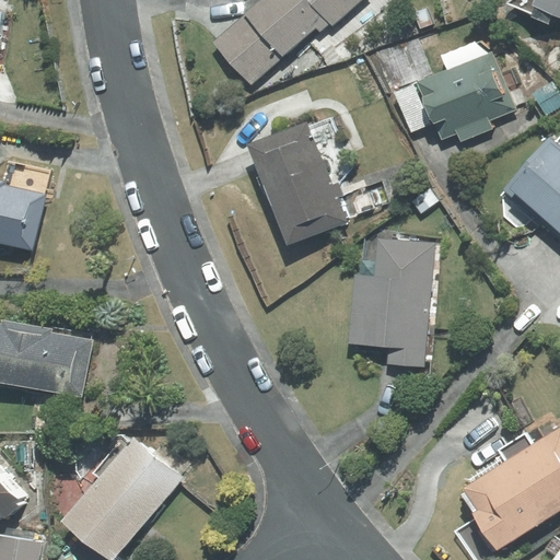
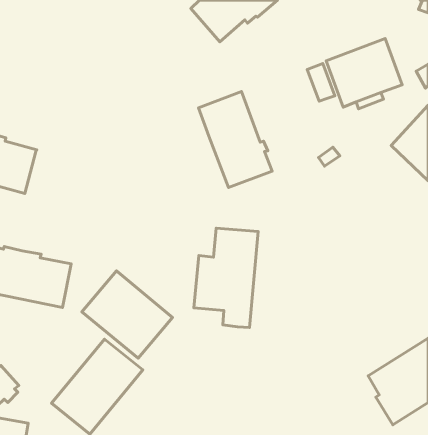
building: [210,14,281,85] -> none
building: [348,241,430,368] -> [194,228,258,328]
building: none -> [82,271,173,358]

